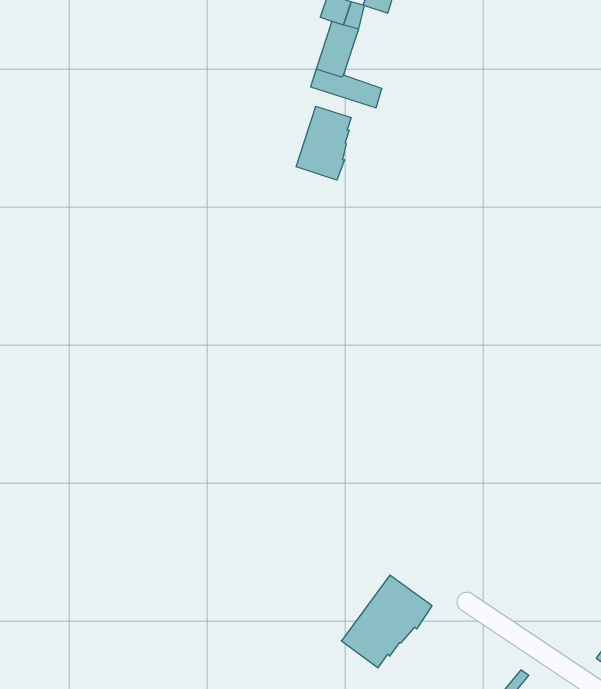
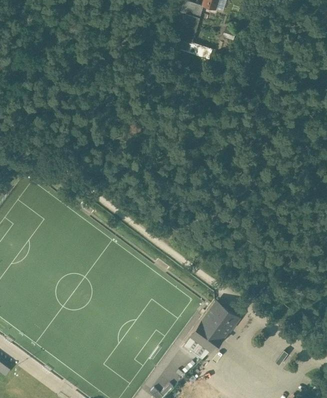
building: [296,106,351,180] -> none

